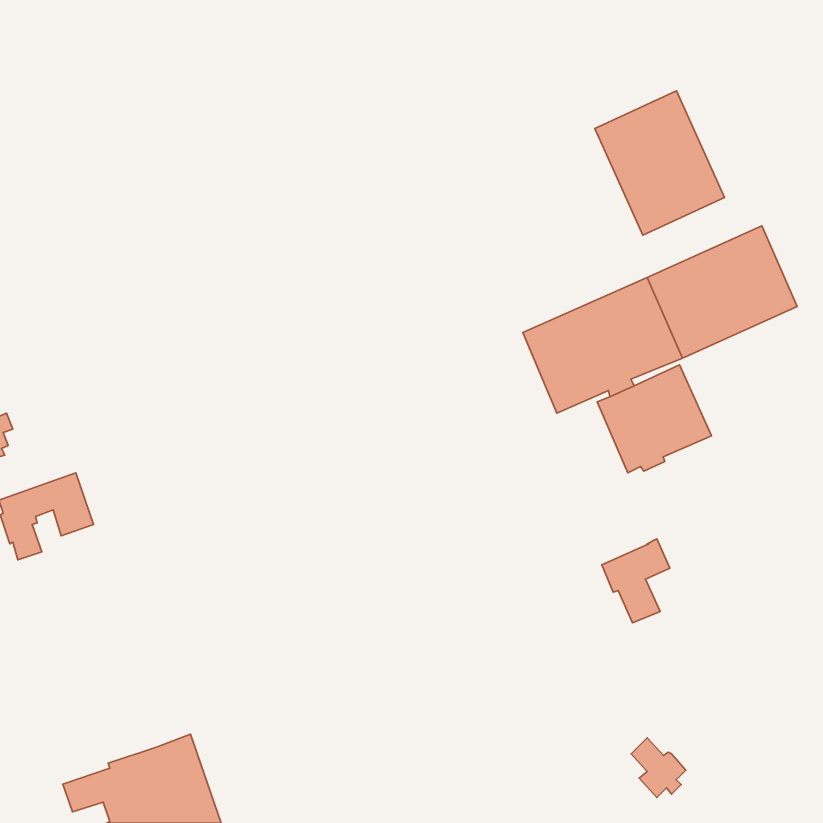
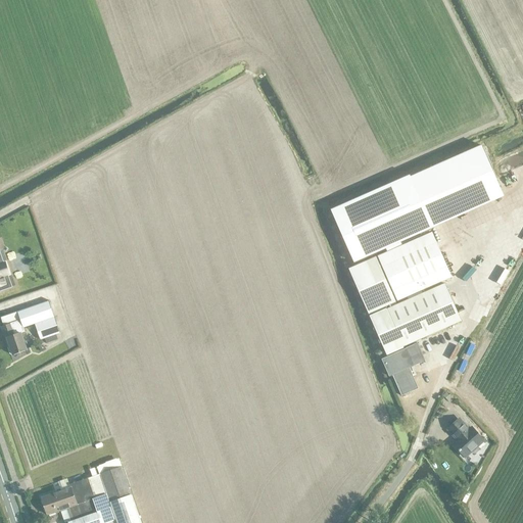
building: [595,91,724,235] -> none
building: none -> [348,255,460,352]
building: [631,738,686,797] -> [447,418,482,456]

